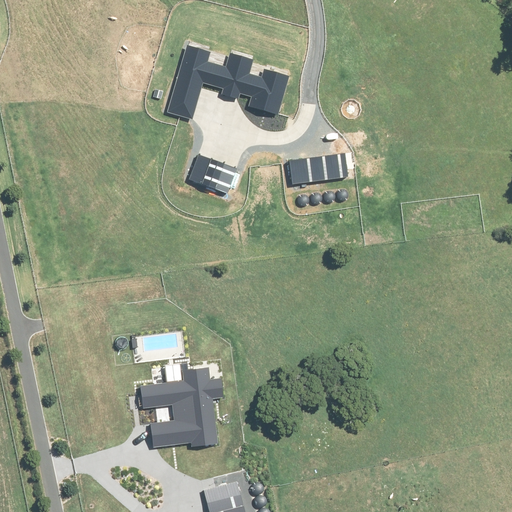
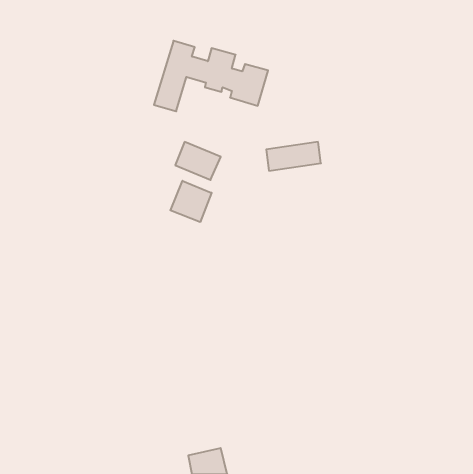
building: none -> [170,181,212,222]
building: [139,367,222,448] -> none

